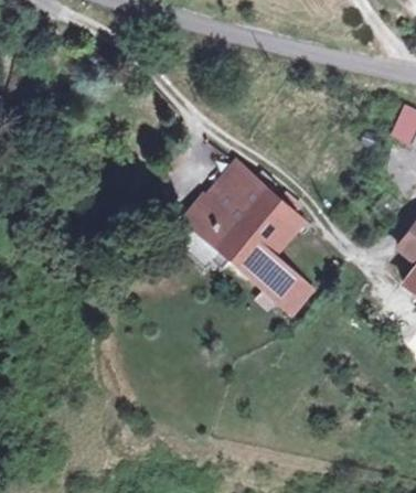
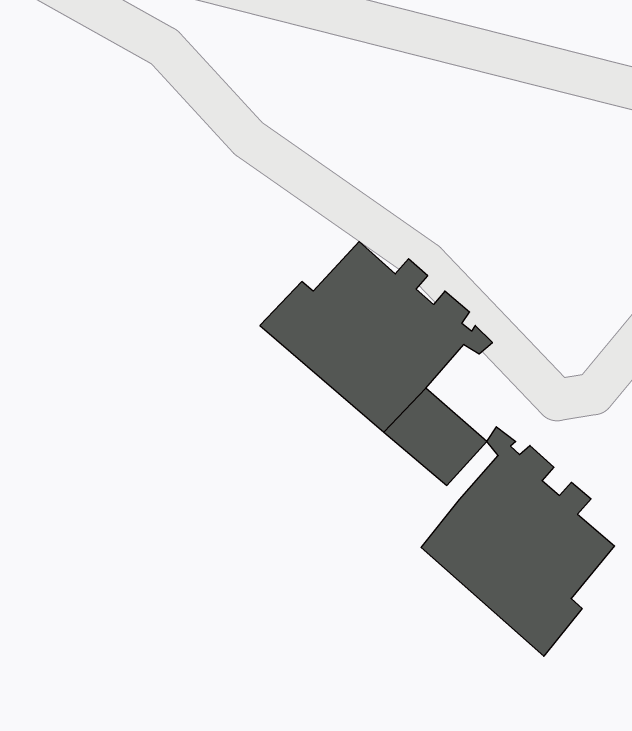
building: none -> [421,427,615,656]

